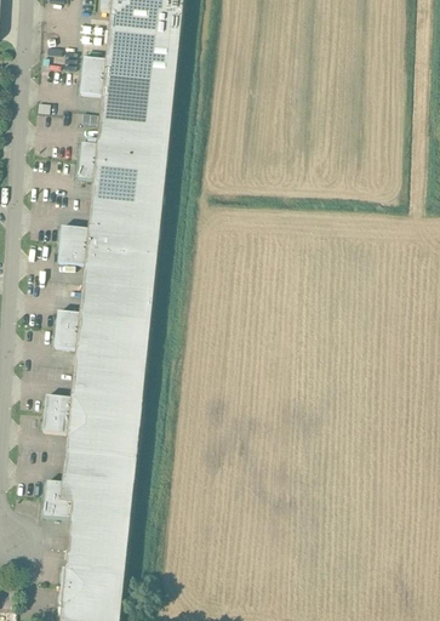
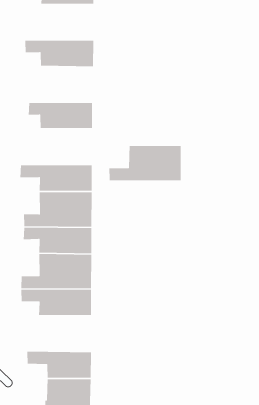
building: [82,29,182,85] -> none
building: [80,113,173,169] -> none
building: [61,198,164,253] -> [109,145,181,181]
building: [45,451,138,507] -> none

